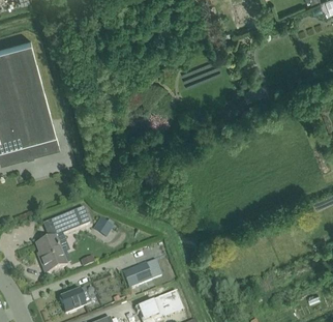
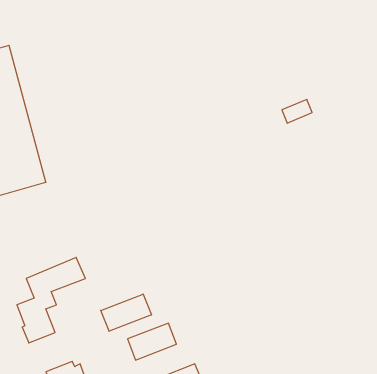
building: none -> [101,294,151,331]

